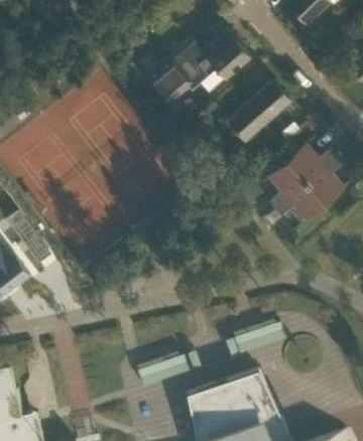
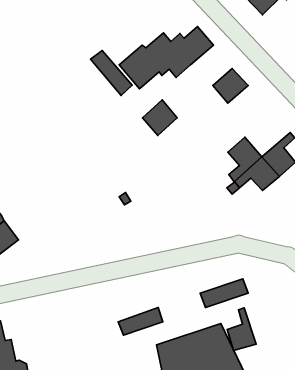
building: none -> [91,50,132,95]
building: [227,103,266,143] -> [143,100,177,136]
building: [285,145,337,183] -> none
building: none -> [227,308,256,351]

